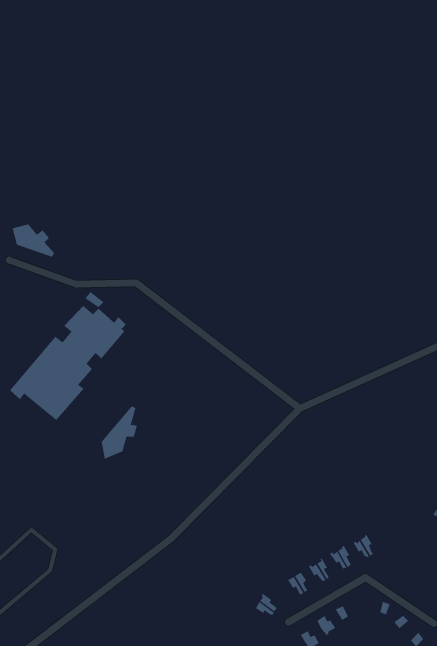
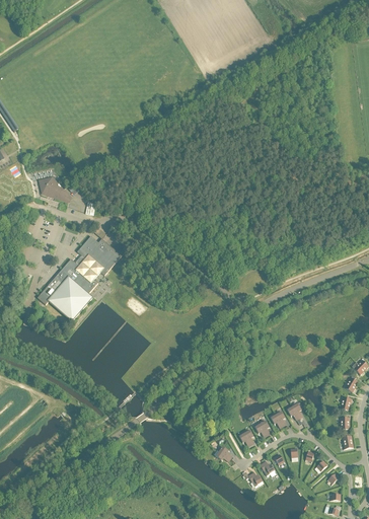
building: [101,406,137,459] -> none

